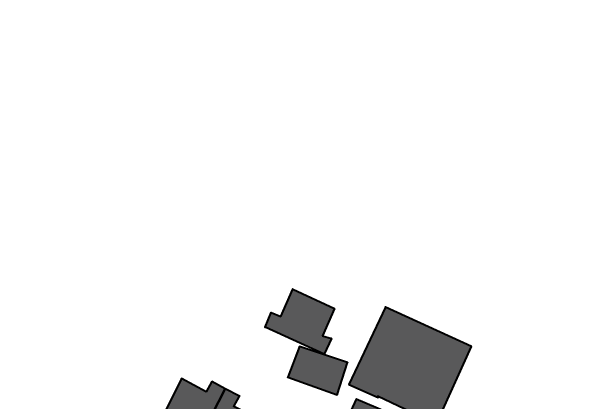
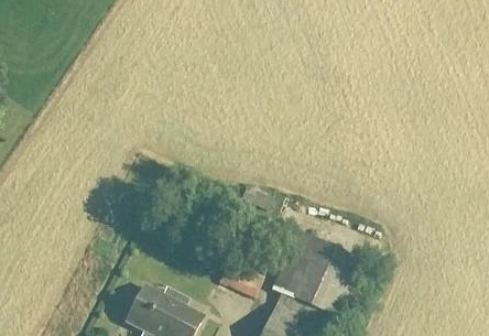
building: [265,289,334,354] -> none

